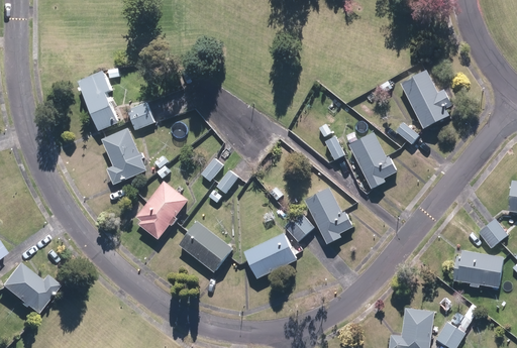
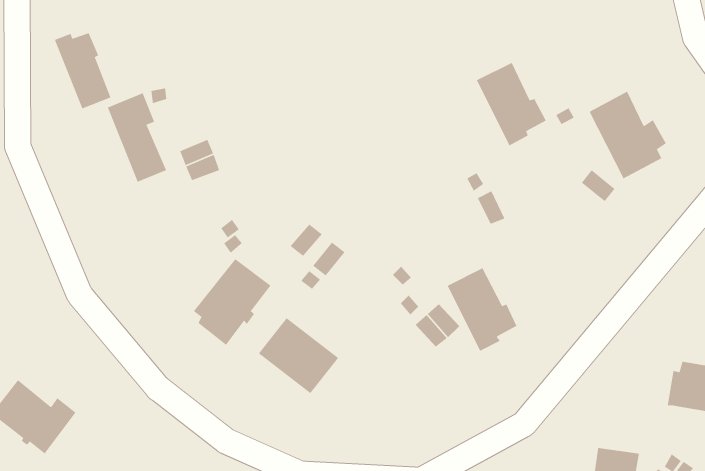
building: none -> [54,32,111,110]
building: [102,128,146,184] -> none
building: [349,132,397,189] -> [476,62,547,146]
building: [244,233,297,278] -> none

